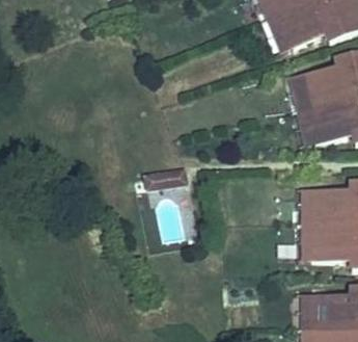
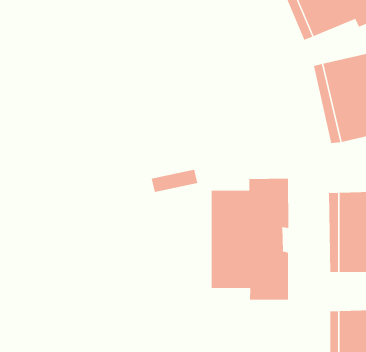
building: none -> [211,178,289,300]

